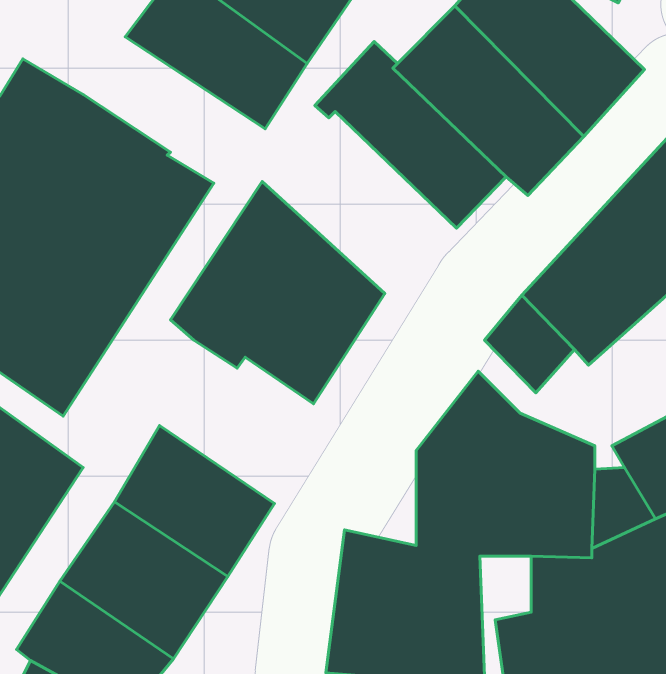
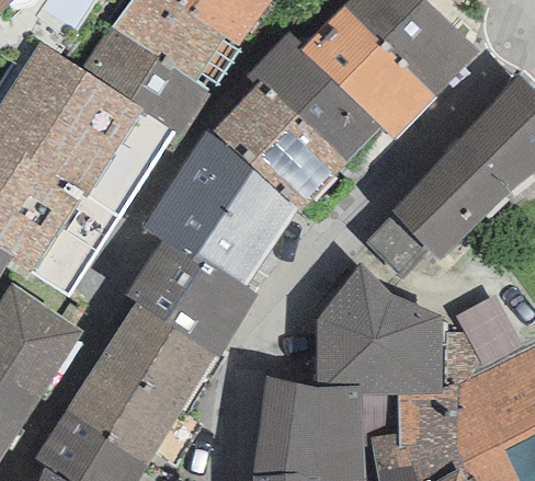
building: none -> [81,27,209,137]
building: none -> [207,82,344,215]
building: none -> [125,243,257,358]

